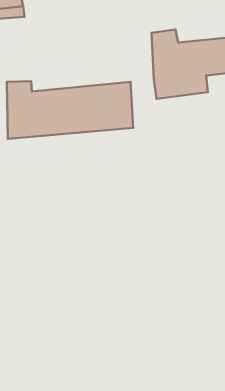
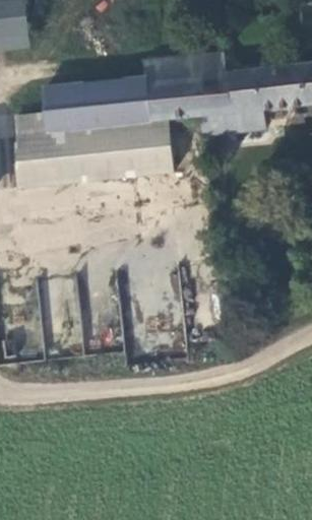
building: none -> [43,53,200,127]

